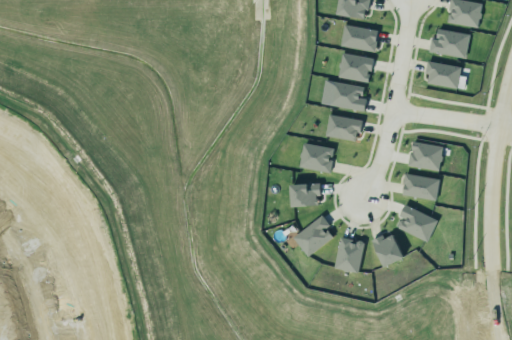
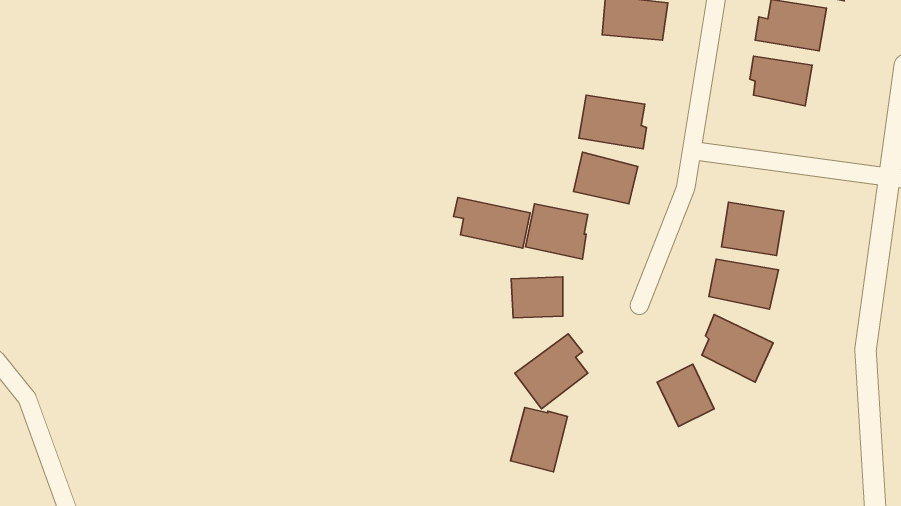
building: [339,52,374,82] -> none
building: none -> [453,198,530,248]
building: [334,237,366,273] -> [511,408,568,472]

